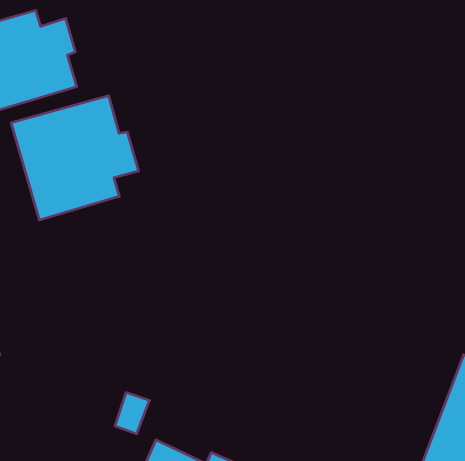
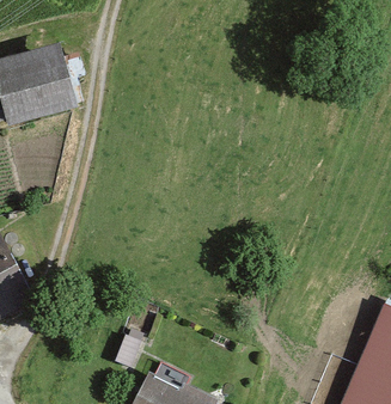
building: [11,96,138,220] -> none

